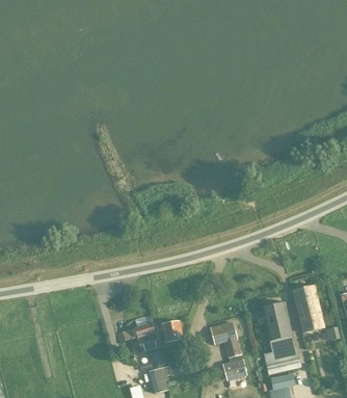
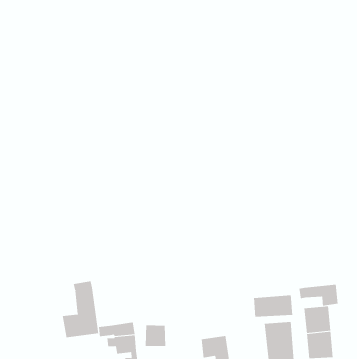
building: none -> [299,284,338,306]
building: none -> [254,295,293,318]
building: none -> [62,281,99,338]

